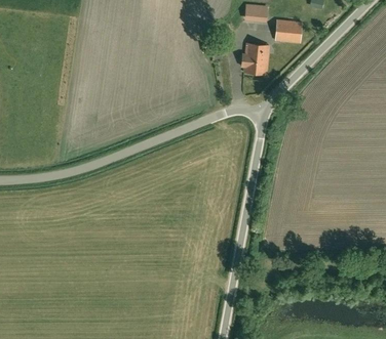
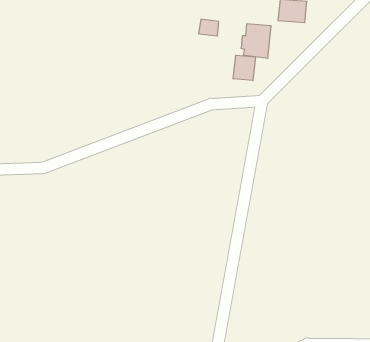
building: none -> [233,55,255,81]

